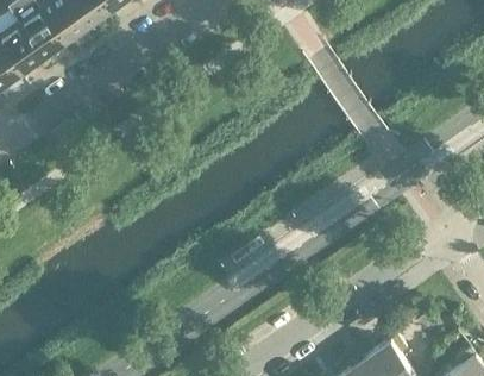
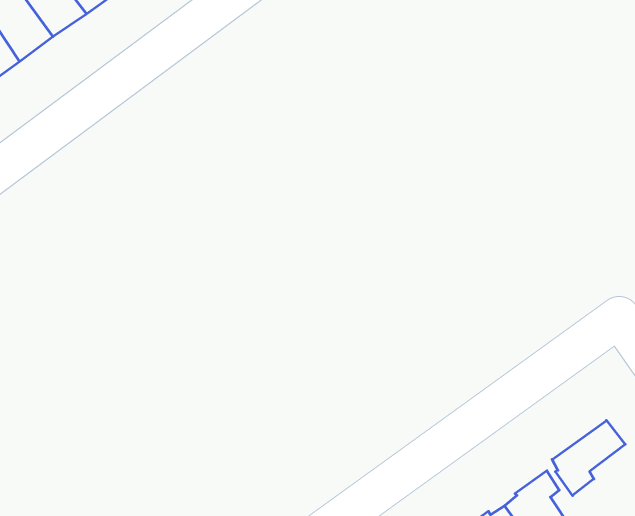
building: none -> [552,420,625,496]

